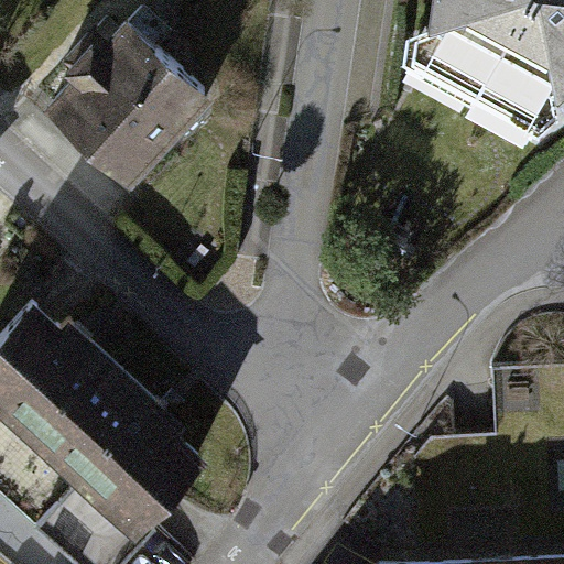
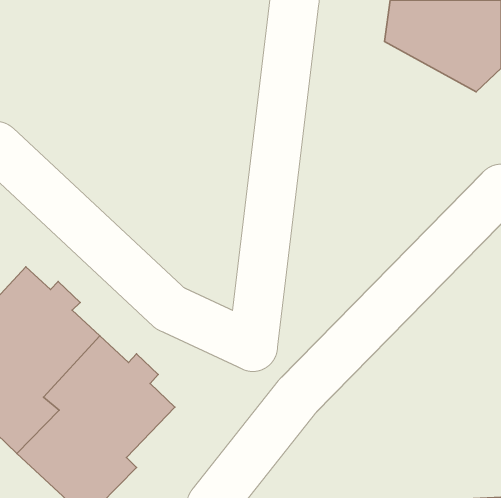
building: [42,17,219,195] -> none

